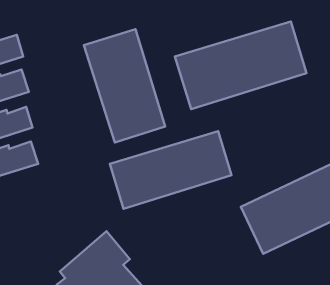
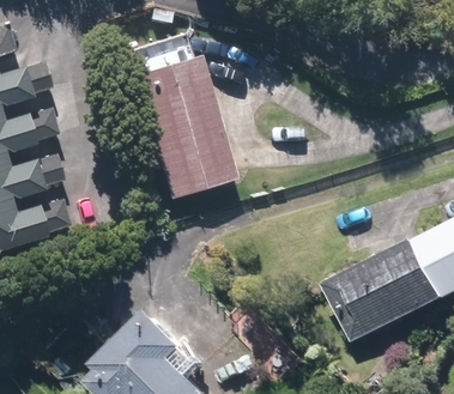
building: [175,21,306,109] -> none
building: [110,131,232,209] -> none

